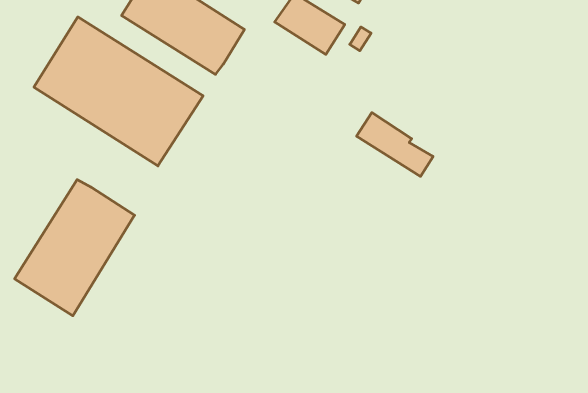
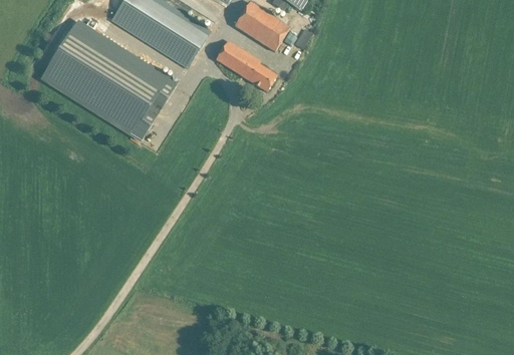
building: [357,113,433,176] -> [216,40,277,91]
building: [15,180,135,316] -> none

